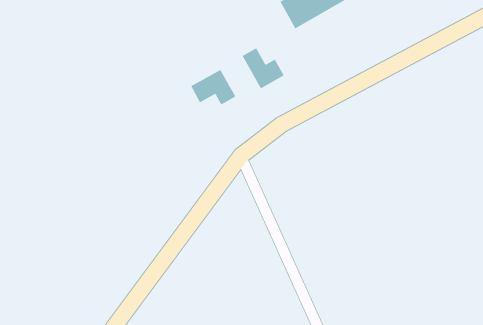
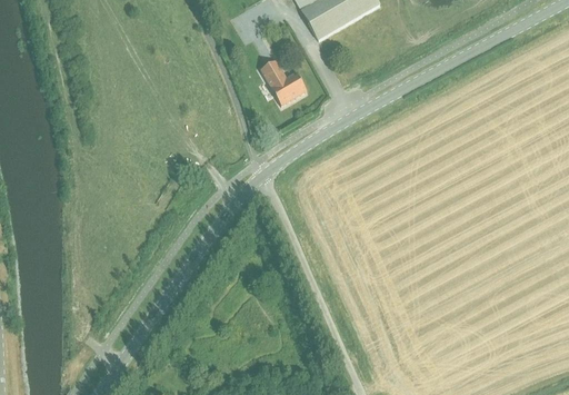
building: [190,69,236,105] -> none

